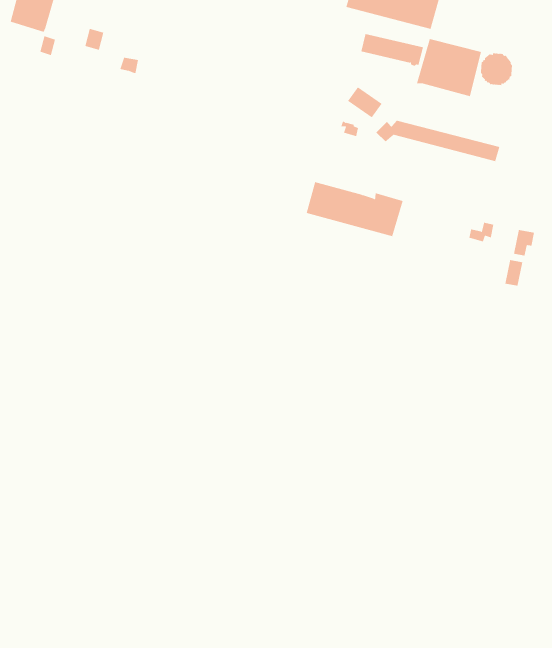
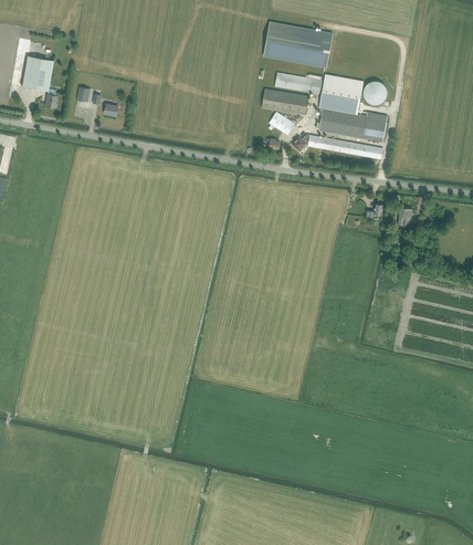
building: none -> [261,88,307,115]
building: [306,182,403,237] -> [318,107,388,143]

